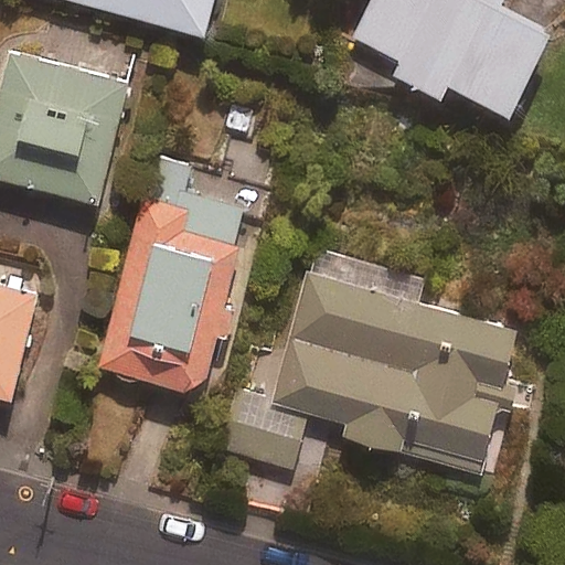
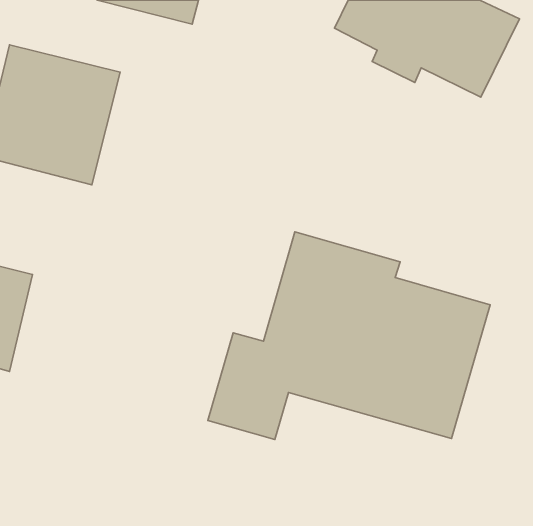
building: [98,164,247,394] -> none

